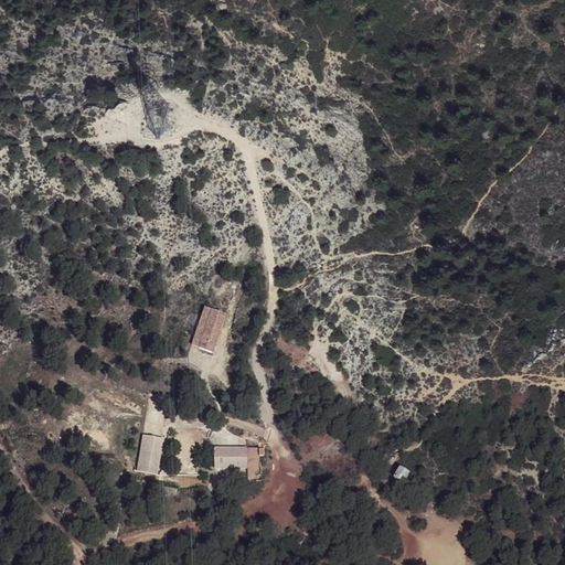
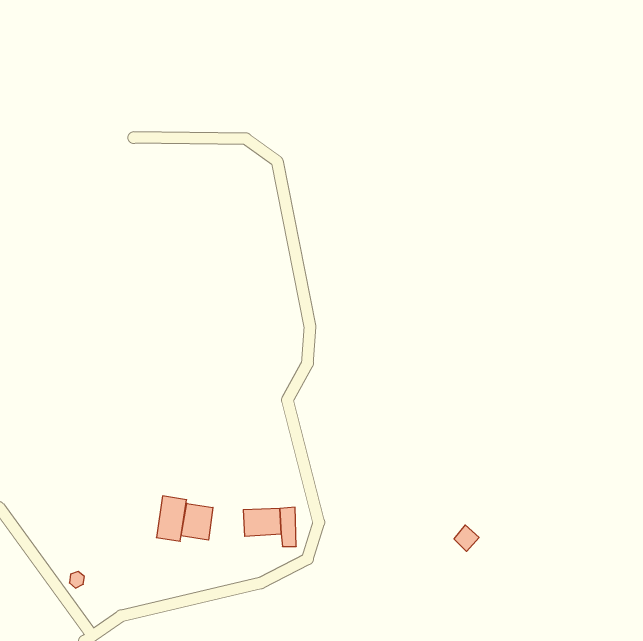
building: [190,305,225,352] -> none
building: none -> [181,503,213,540]

